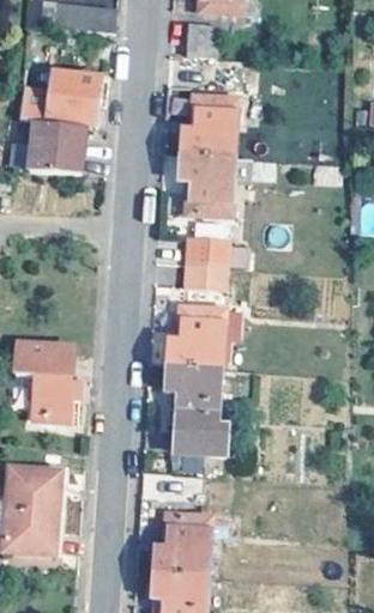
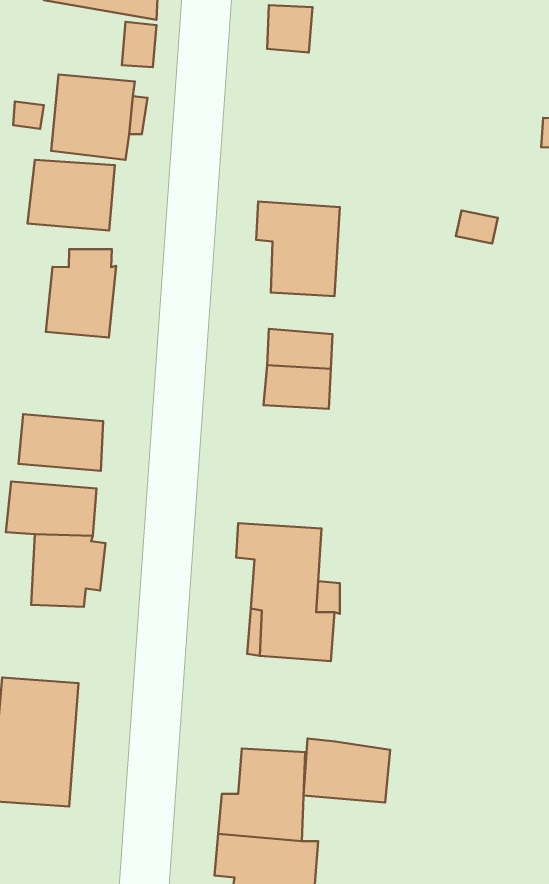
building: [179,95,236,158] -> none
building: none -> [46,249,116,338]
building: none -> [19,414,103,471]
building: [165,308,224,370] -> none
building: none -> [304,738,390,803]

